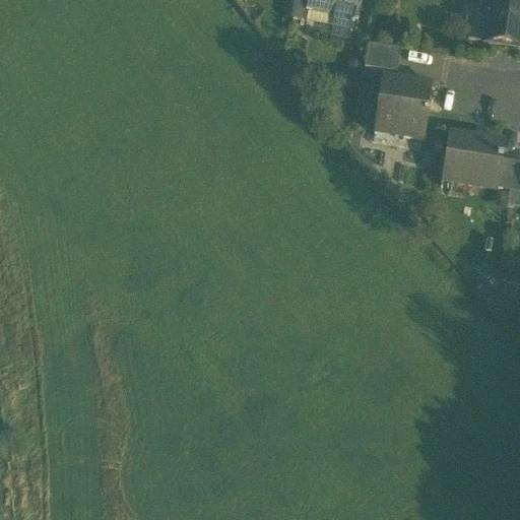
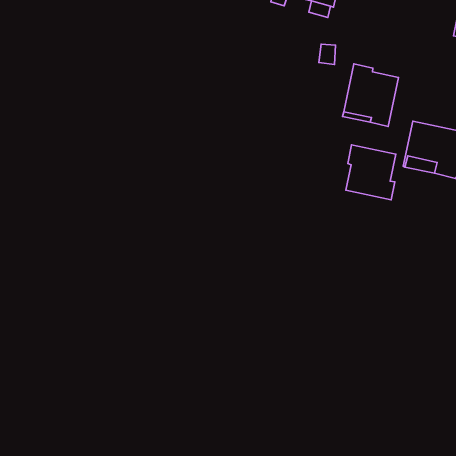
building: [365,42,400,70] -> none
building: none -> [346,145,396,200]

